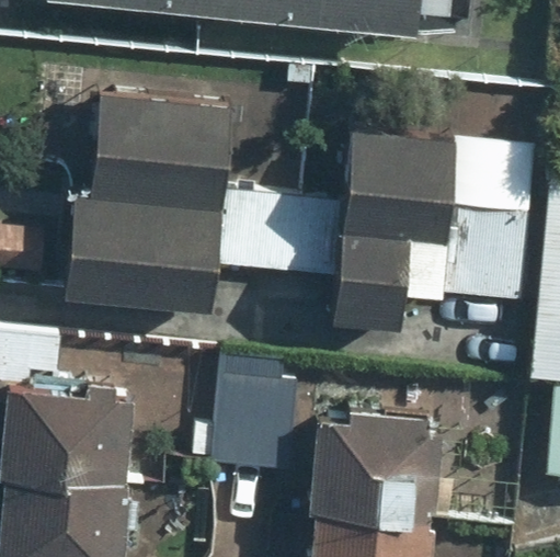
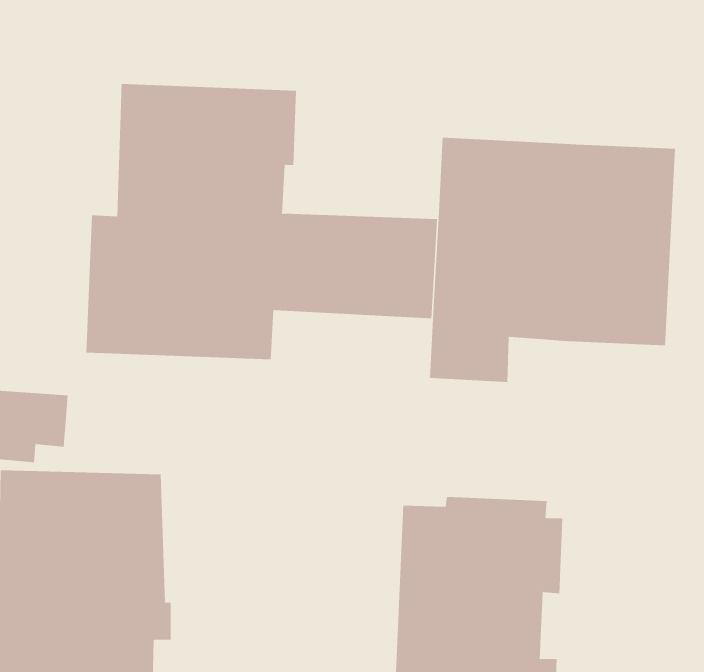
building: [188,380,293,467] -> none

